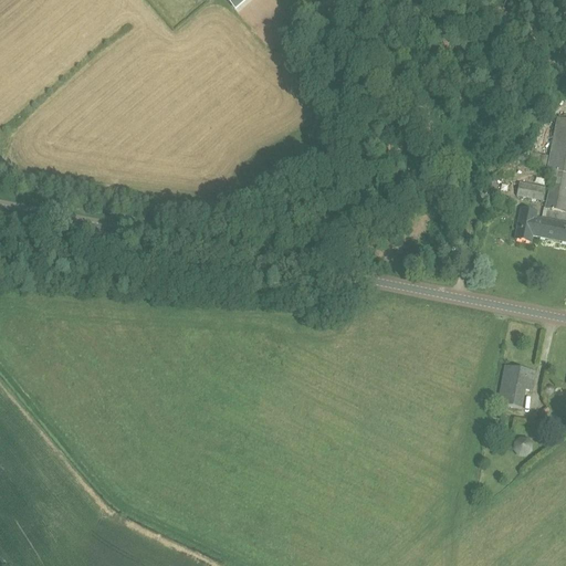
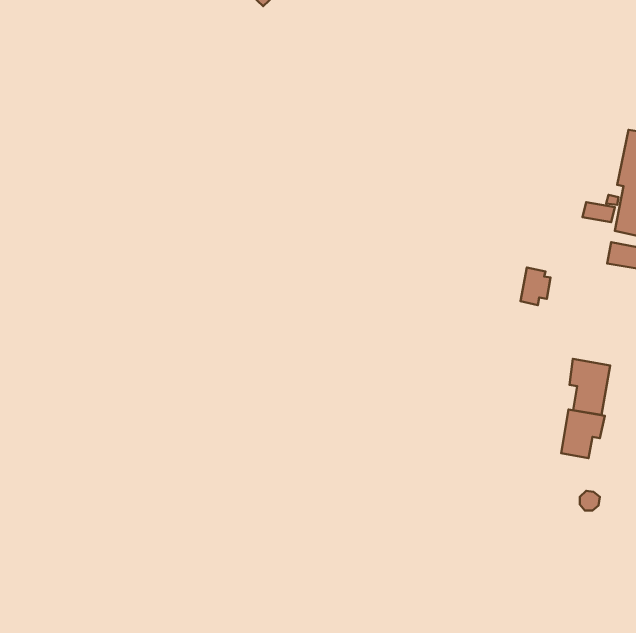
building: [516,206,543,239] -> [520,268,550,305]
building: none -> [570,359,610,415]

